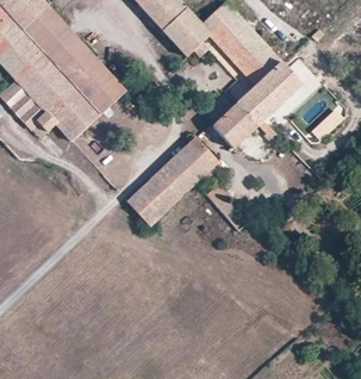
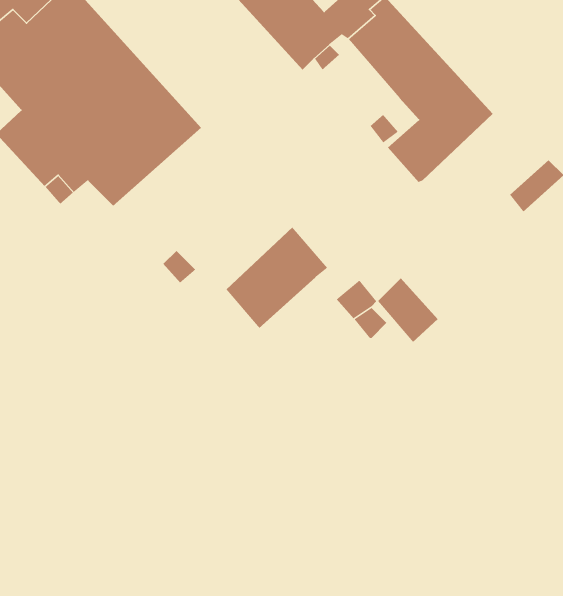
building: [213,102,256,147] -> none
building: [180,136,217,175] -> [377,278,438,343]
building: [126,188,160,224] -> none

